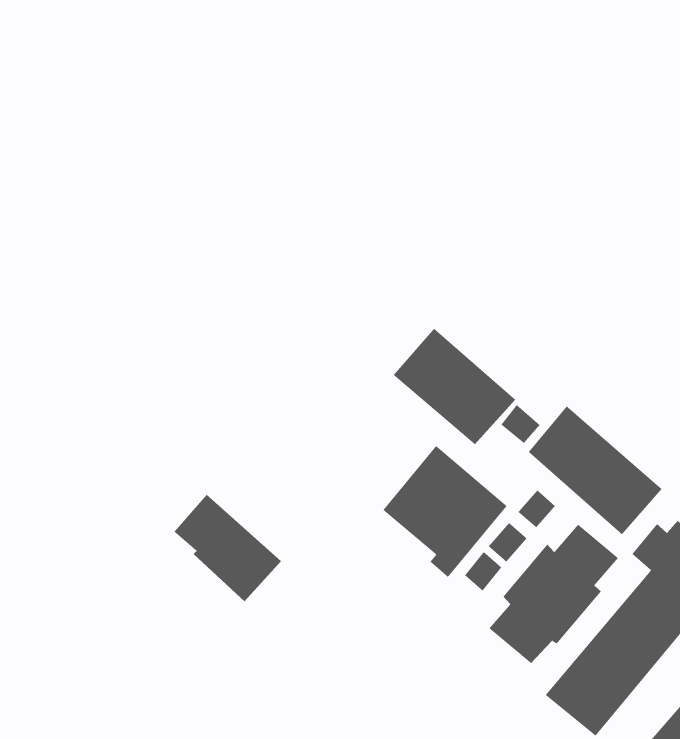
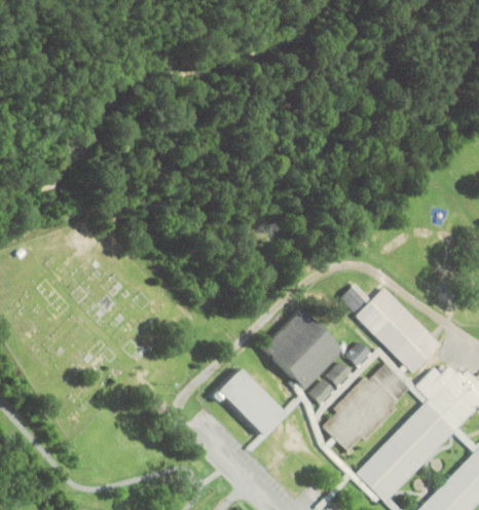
building: [393,328,516,445] -> none
building: [174,494,282,602] -> [225,369,293,440]

